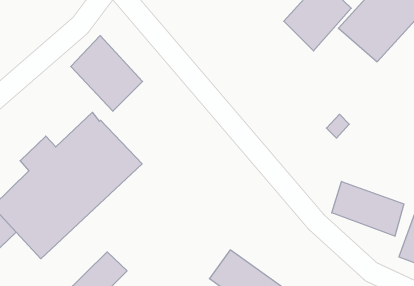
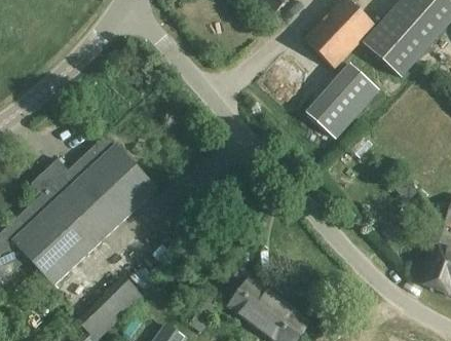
building: [71,36,143,111] -> none
building: none -> [305,62,379,139]
building: [332,181,404,236] -> none

